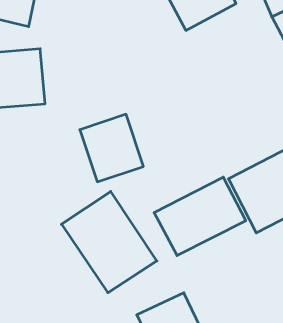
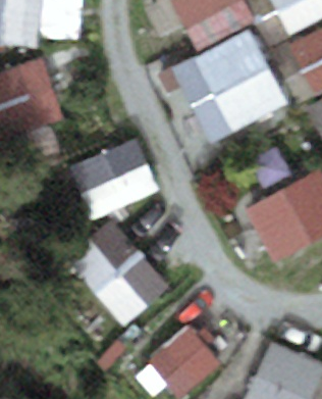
building: none -> [172,28,287,143]
building: [154,177,246,256] -> none

